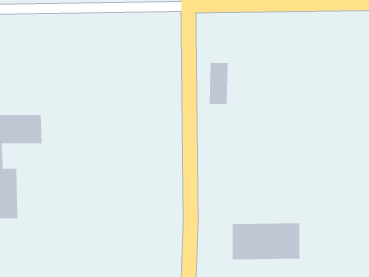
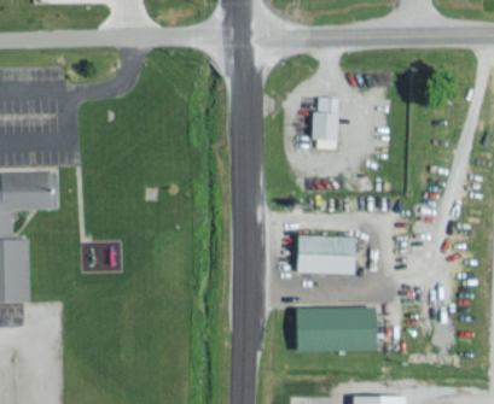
building: [209,63,228,105] -> [313,95,337,147]
building: none -> [294,234,356,273]

